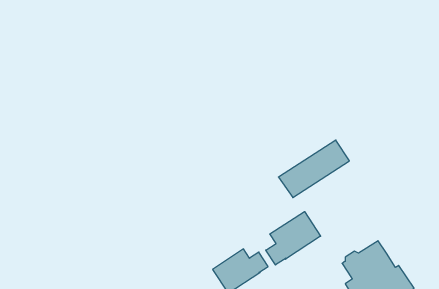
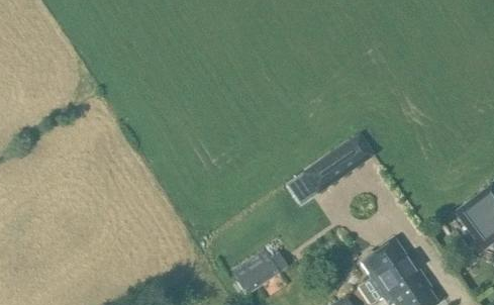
building: [266,212,321,265] -> none

